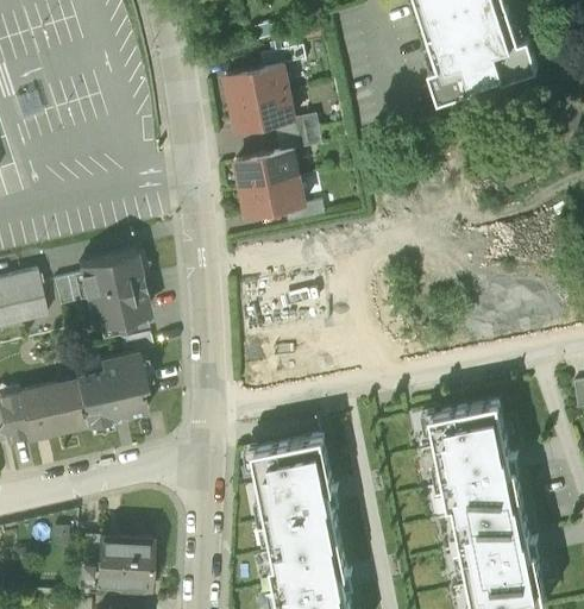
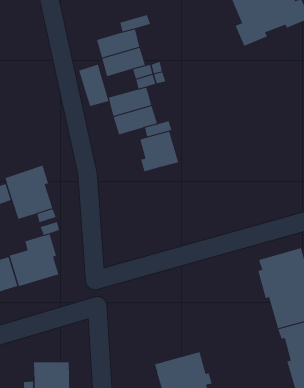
building: none -> [78,64,109,107]
building: none -> [136,131,179,172]
building: [253,437,339,553] -> none

